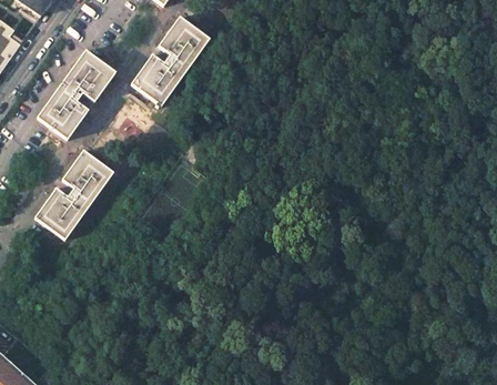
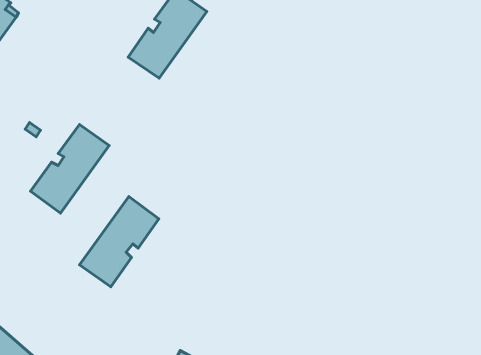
building: [36,50,115,140] -> none
building: none -> [79,196,159,287]

